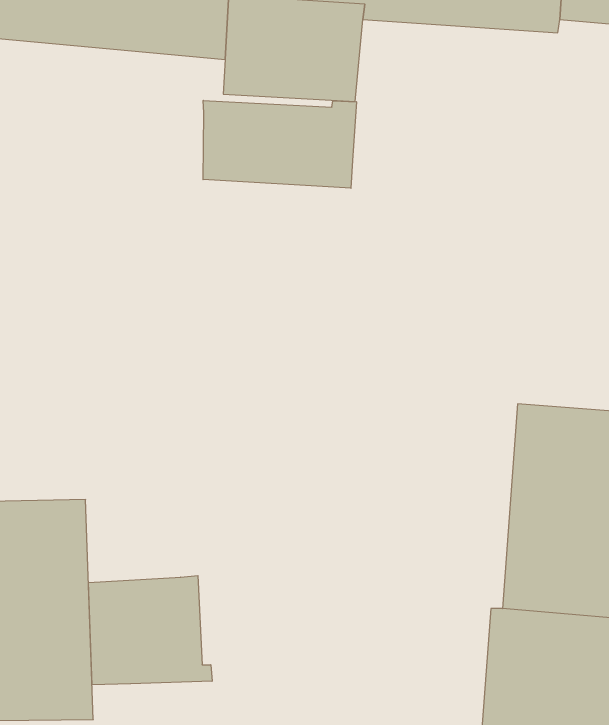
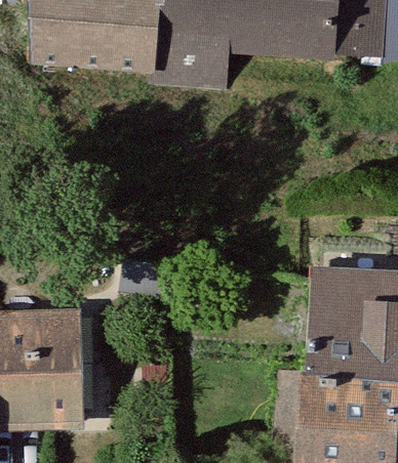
building: [203,100,356,188] -> none
building: [89,576,212,685] -> none

